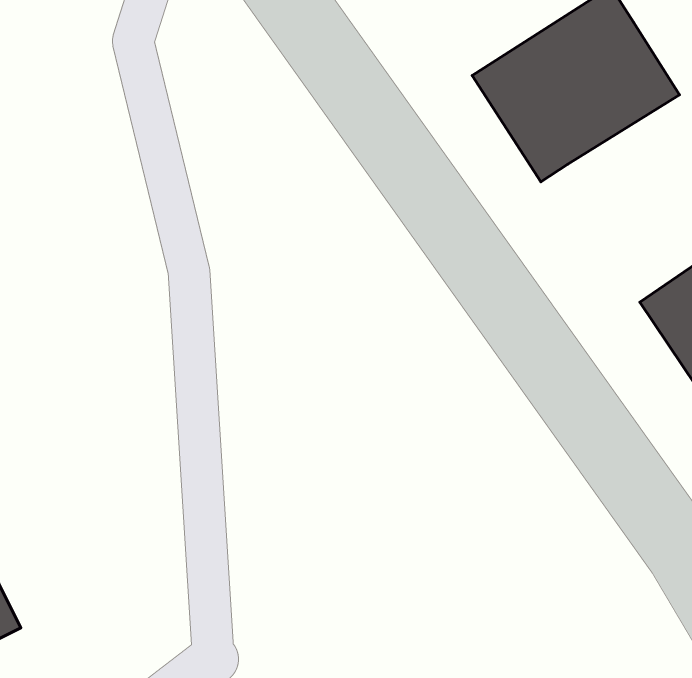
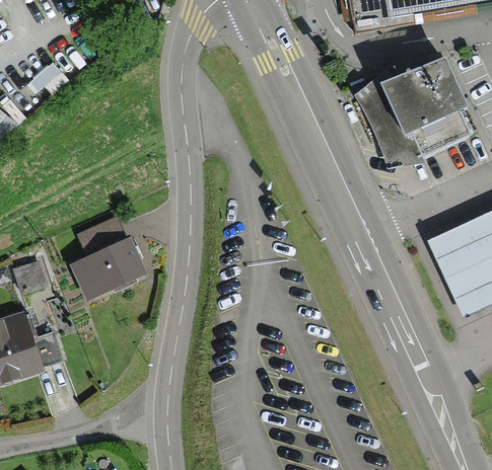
building: none -> [72,221,139,298]

